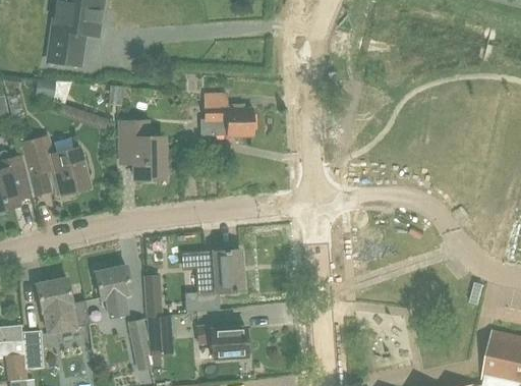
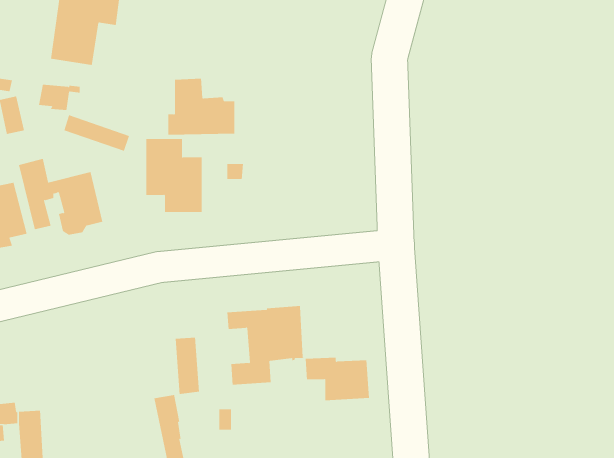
building: [200,92,252,135] -> [167,78,235,135]
building: [95,265,130,317] -> none
building: [36,278,89,331] -> none
building: [146,316,172,355] -> none
building: [196,326,246,360] -> [305,357,370,401]

